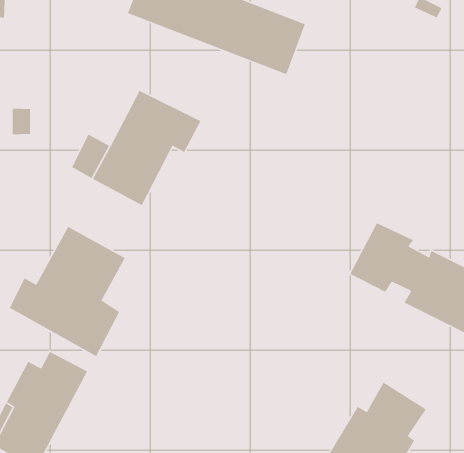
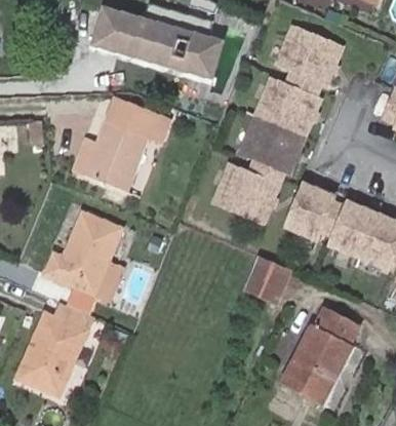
building: none -> [214,27,338,221]
building: none -> [246,253,290,299]

